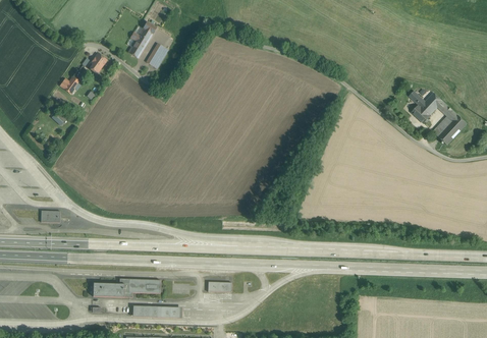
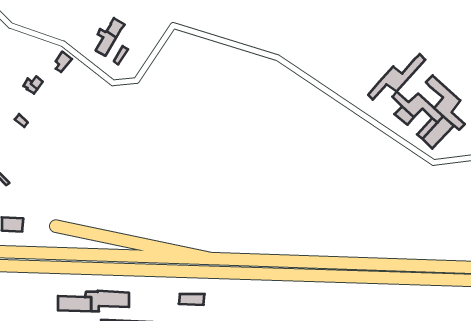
building: none -> [368,54,425,100]
building: none -> [426,75,465,130]

